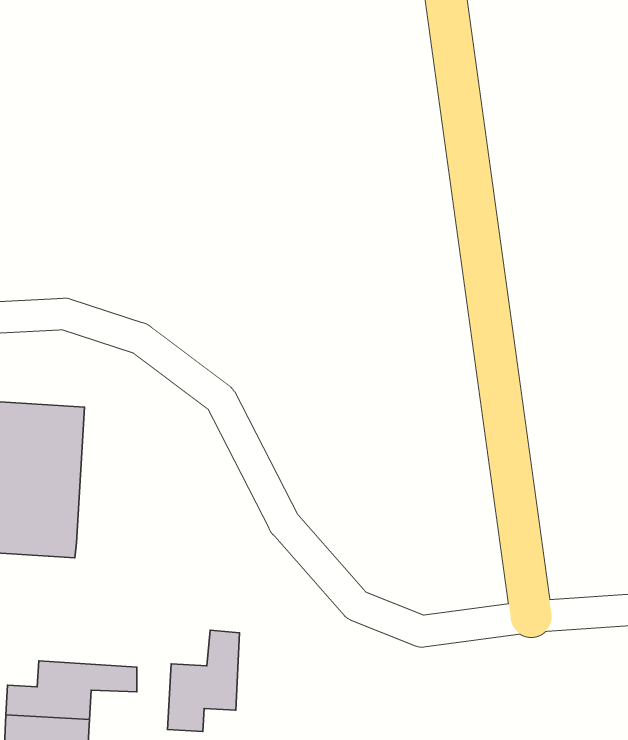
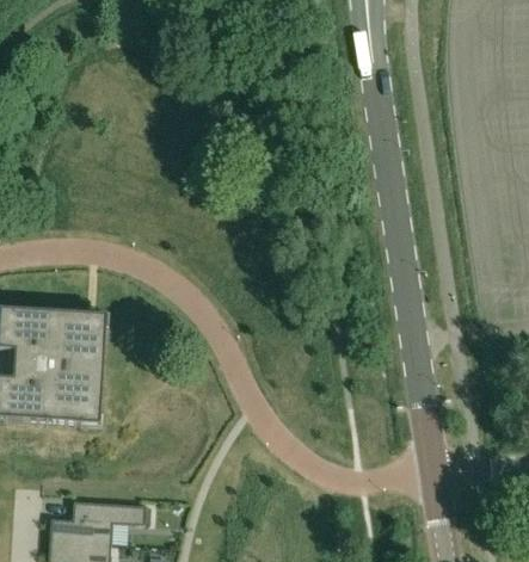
building: [167,630,239,732] -> none

